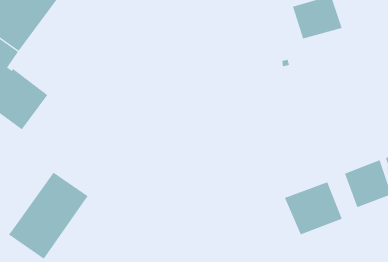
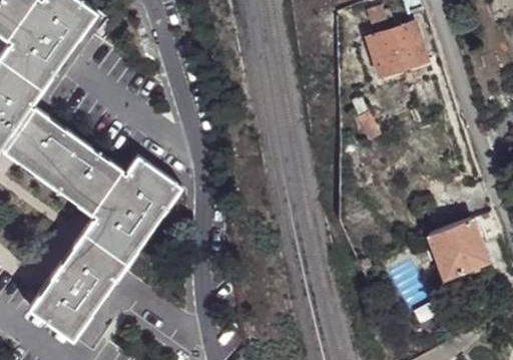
building: none -> [46,141,180,263]
building: [284,182,342,235] -> none

